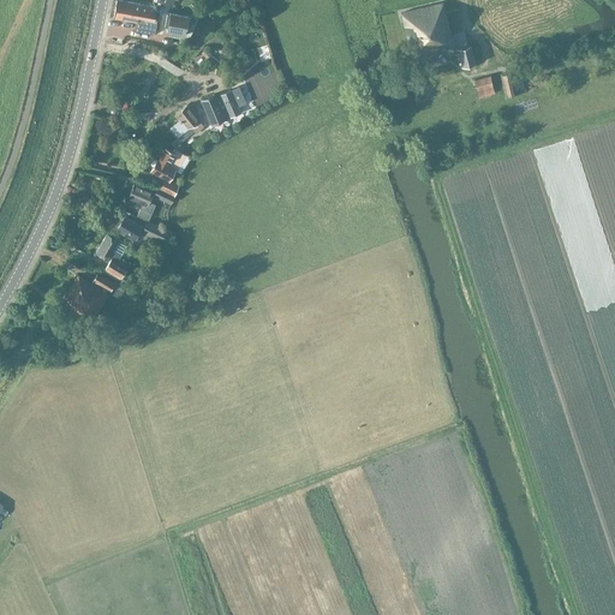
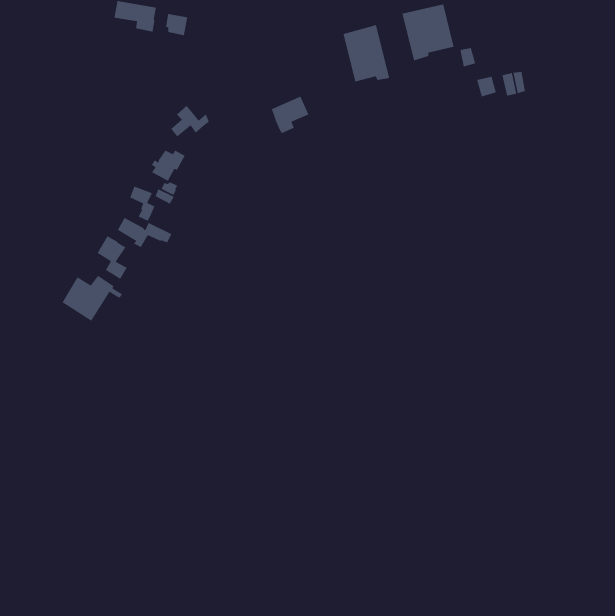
building: none -> [343,24,390,82]
building: [202,86,240,125] -> [271,95,309,134]

